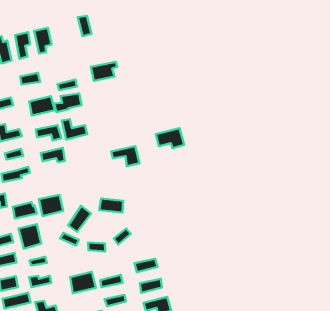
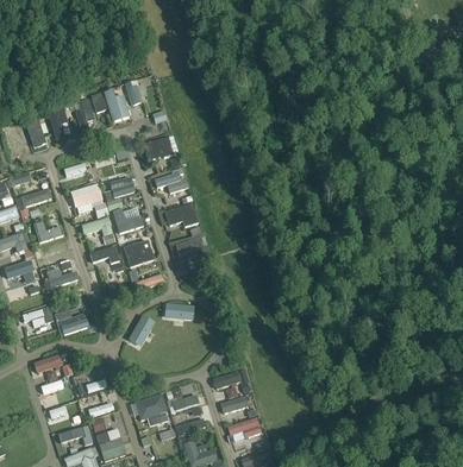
building: none -> [102,89,129,122]
building: none -> [154,165,188,193]
building: [156,128,184,148] -> [163,201,199,226]
building: [39,195,63,216] -> [123,239,154,266]
building: [19,224,41,249] -> none

